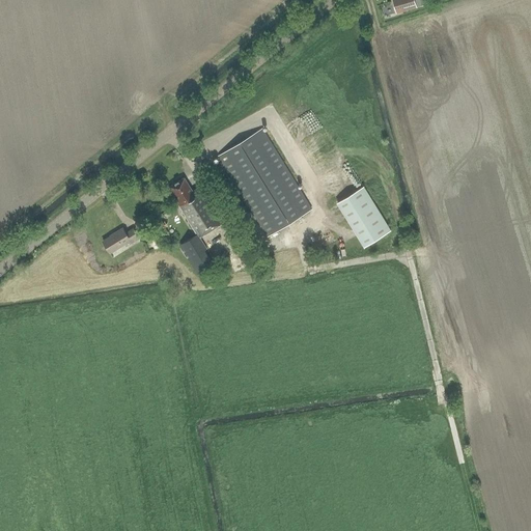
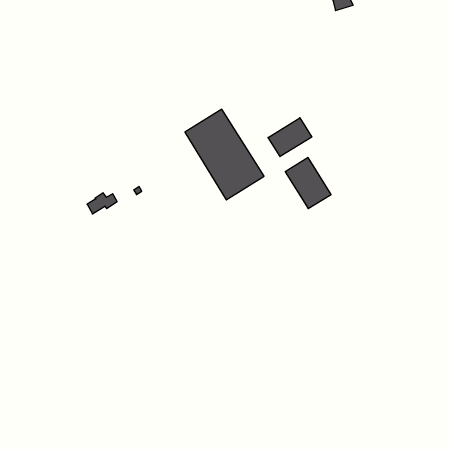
building: none -> [268,118,312,157]
building: [168,176,222,274] -> none

